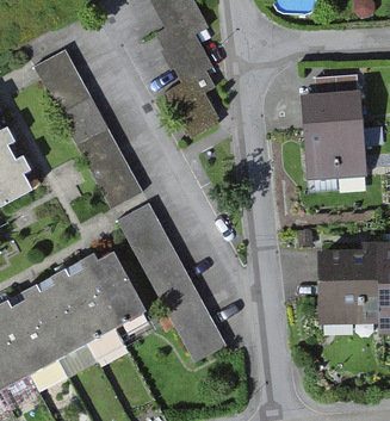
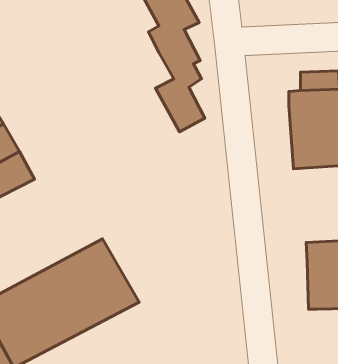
building: [33,50,140,208] -> none
building: [116,202,225,361] -> none

